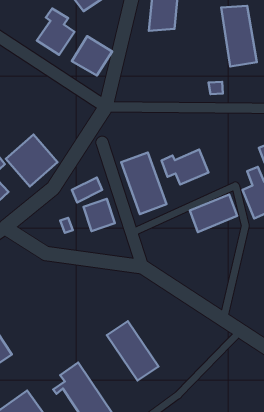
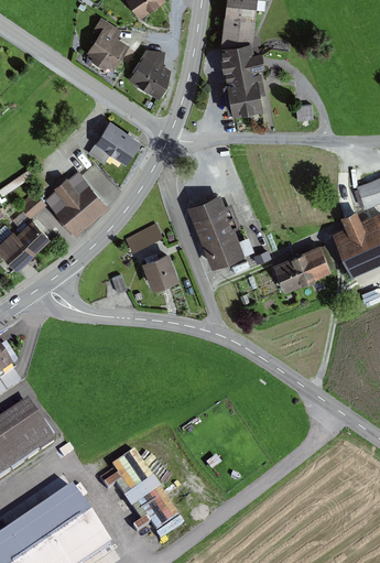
building: [221,6,257,67] -> [220,41,264,116]
building: none -> [94,121,139,163]
building: [161,150,208,184] -> none
building: [107,321,158,380] -> none

